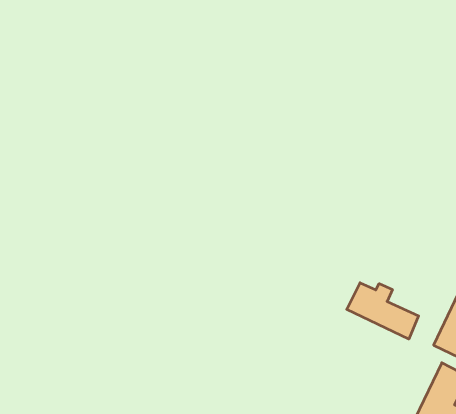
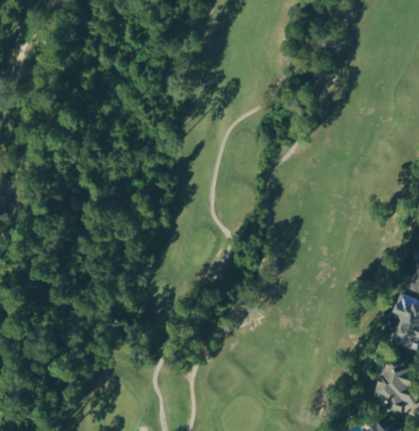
building: [347,283,419,339] -> none

